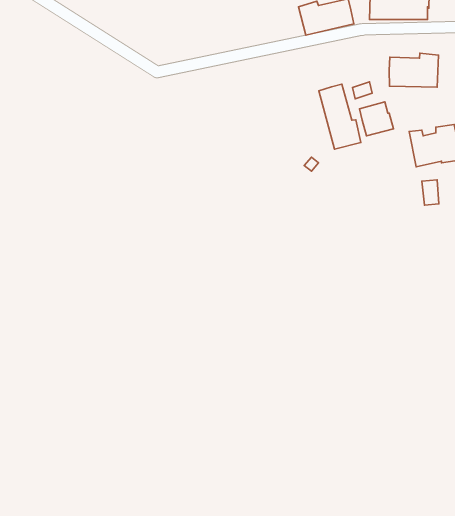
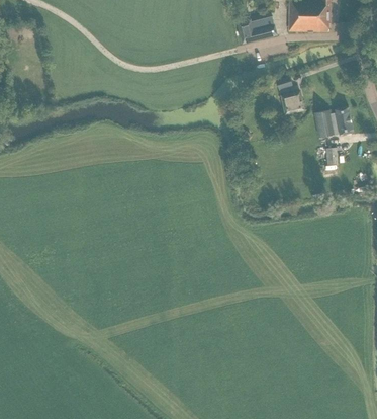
building: [389,53,439,87] -> none
building: [319,84,361,149] -> none

